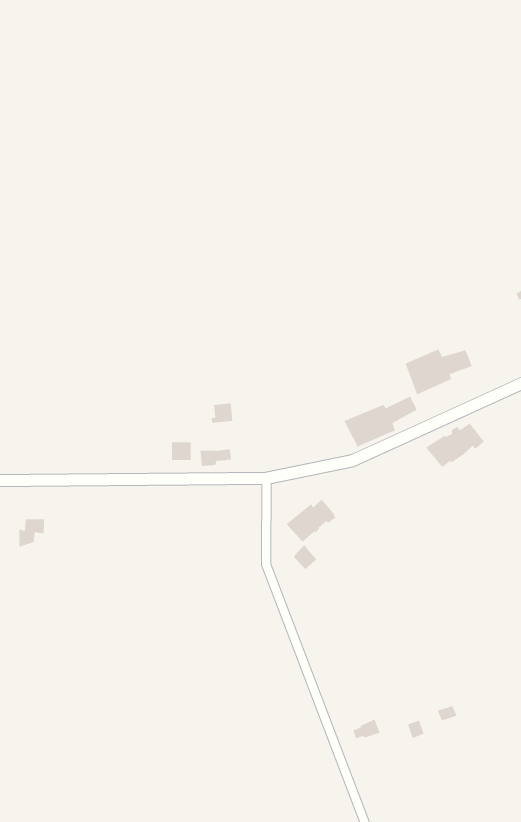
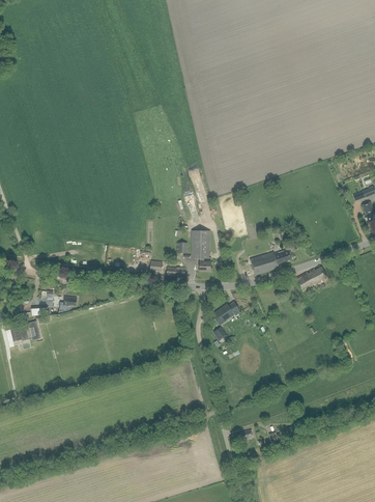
building: [405,348,472,395] -> none
building: none -> [191,229,210,271]

